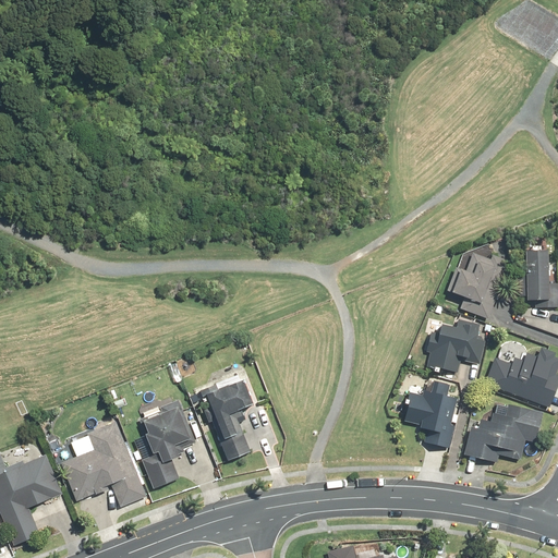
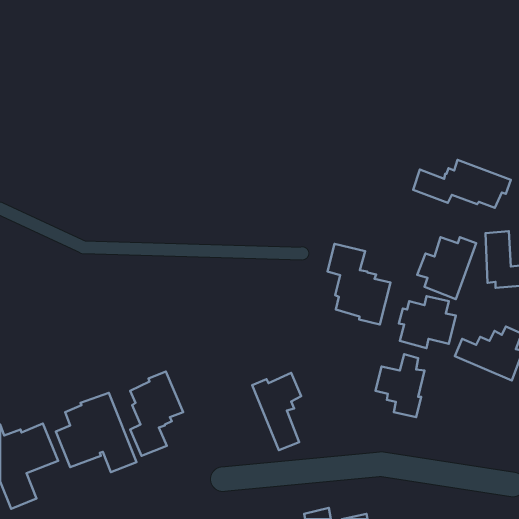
building: none -> [413,160,511,208]
building: none -> [328,244,391,325]
building: [199,377,252,460] -> [252,373,301,450]
building: [462,403,542,463] -> none

